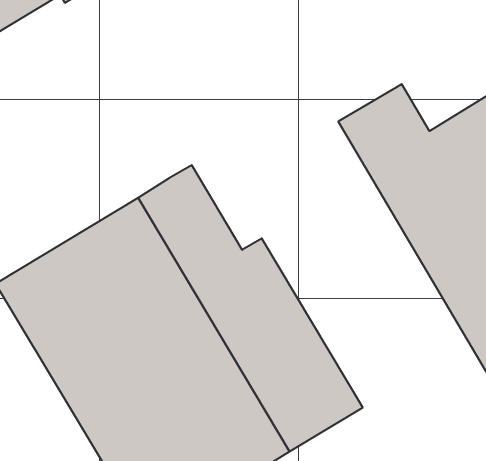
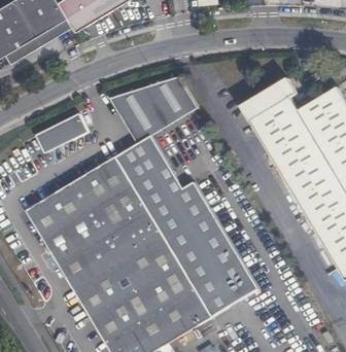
building: none -> [108,77,198,143]
building: none -> [36,114,88,153]

